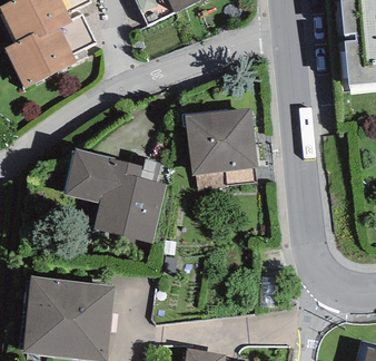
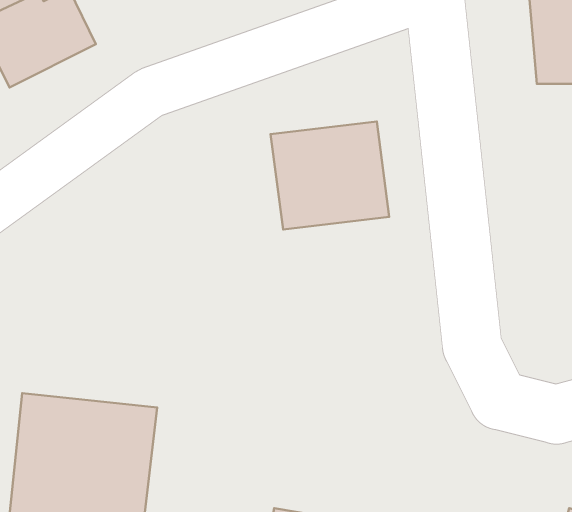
building: [63,149,166,243] -> none

